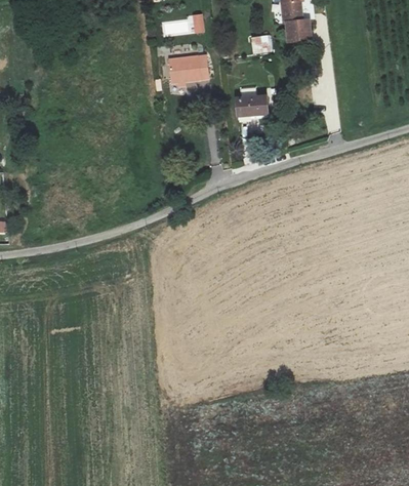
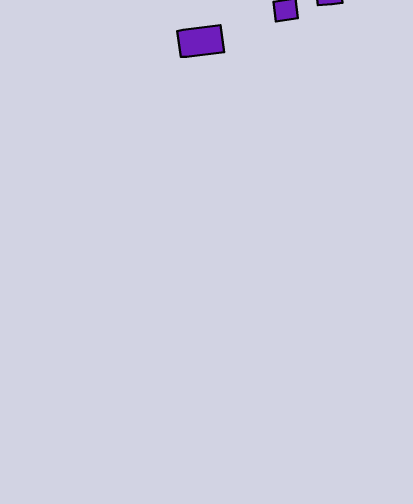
building: [236,93,267,120] -> none

